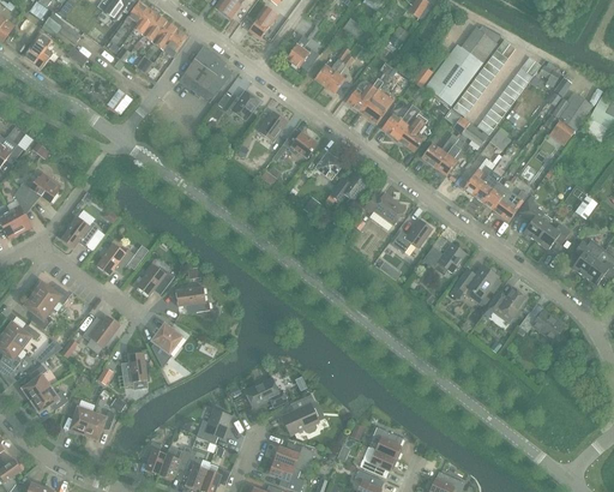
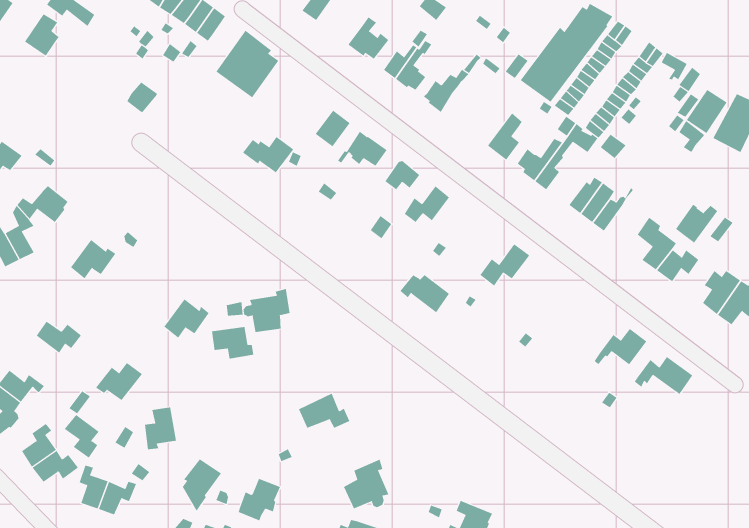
building: [360,88,392,124] -> none
building: [217,90,259,120] -> [242,136,294,173]
building: [383,104,419,139] -> none
building: [492,188,526,221] -> [675,204,718,244]
building: [363,193,404,224] -> [399,274,450,313]
building: [95,242,139,274] -> none
building: [422,242,465,272] -> none
building: none -> [243,288,290,333]
building: [455,264,500,306] -> none
building: [23,293,52,329] -> [64,414,100,459]
building: [149,323,181,366] -> [182,459,222,512]
building: [243,377,285,406] -> [298,393,350,429]

